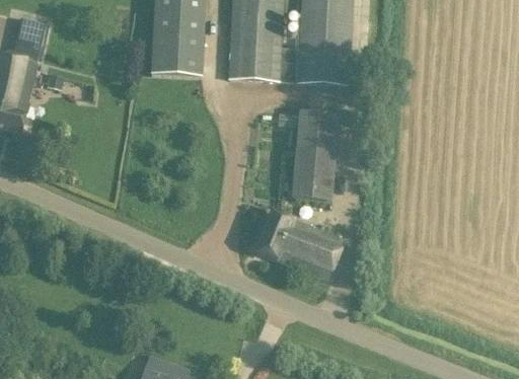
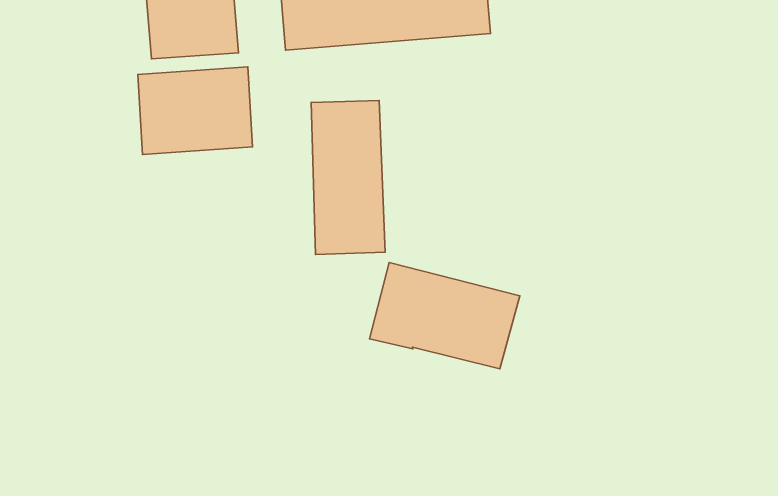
building: none -> [138,67,252,155]
building: [291,109,340,202] -> [311,101,385,254]

